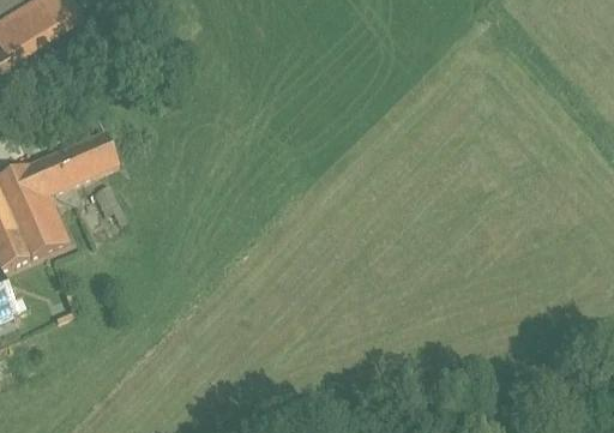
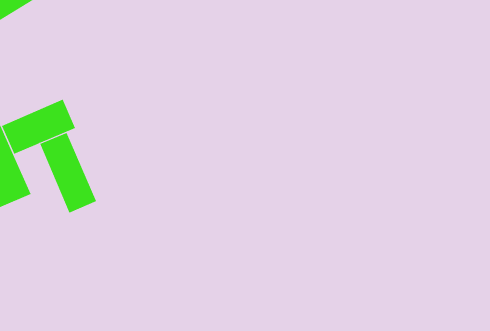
building: none -> [40,132,97,214]

